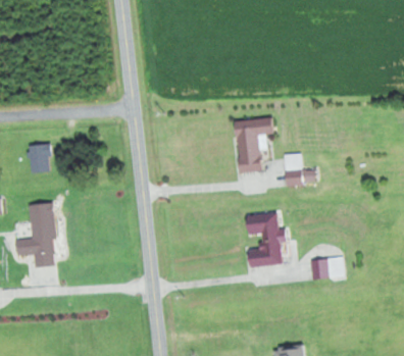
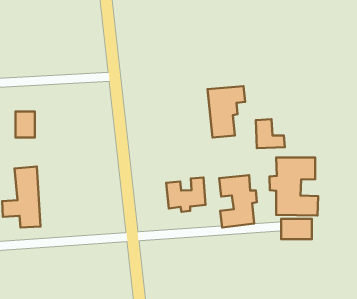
building: none -> [269,158,318,216]
building: none -> [166,178,206,212]

